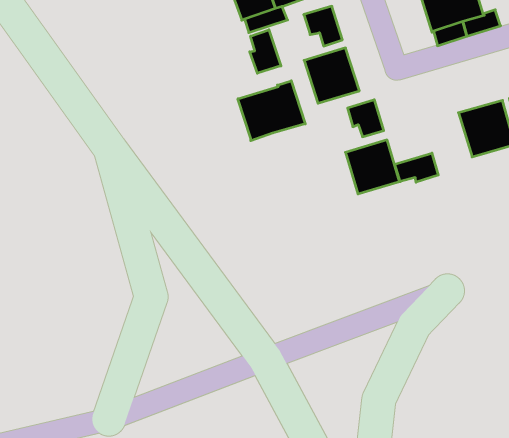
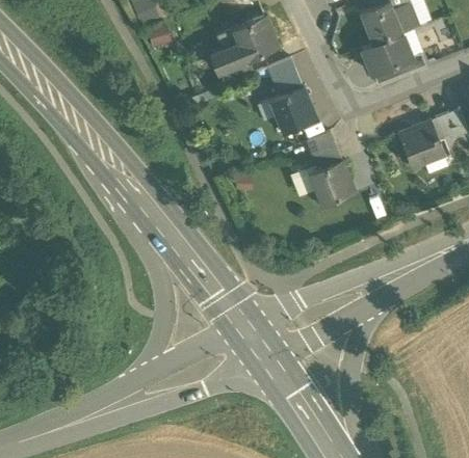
building: [250,30,281,73] -> none
building: [238,81,305,141] -> none
building: [395,153,438,182] -> none

